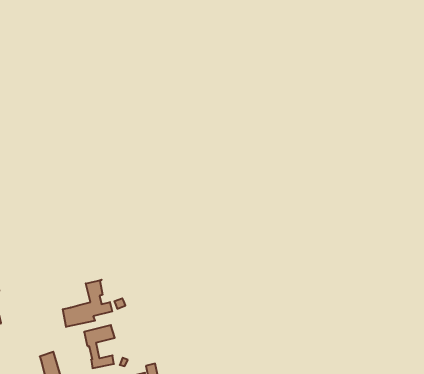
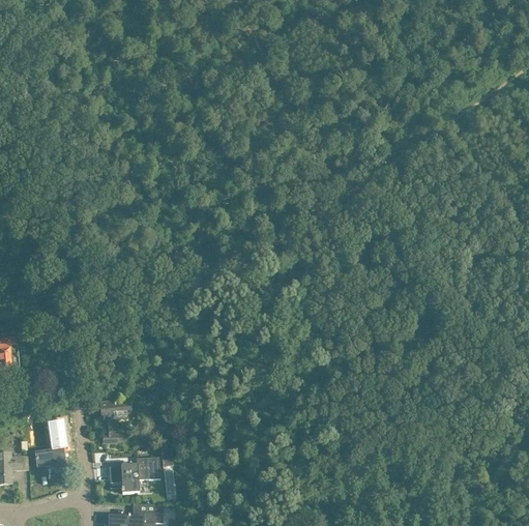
building: [63,280,112,327] -> none

